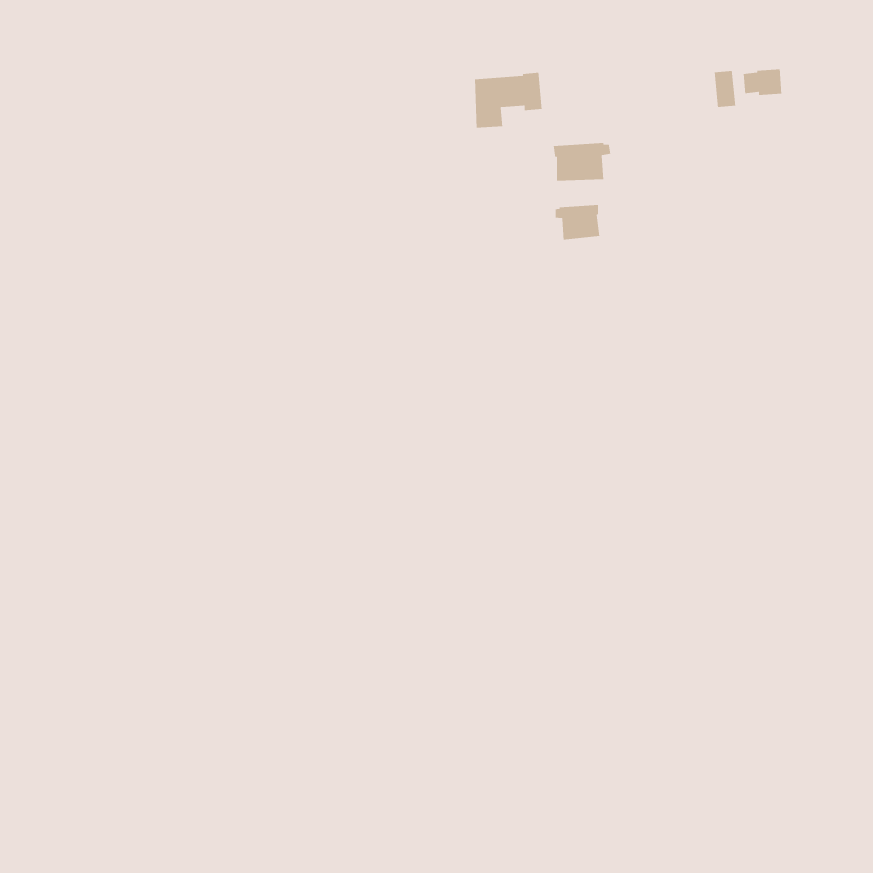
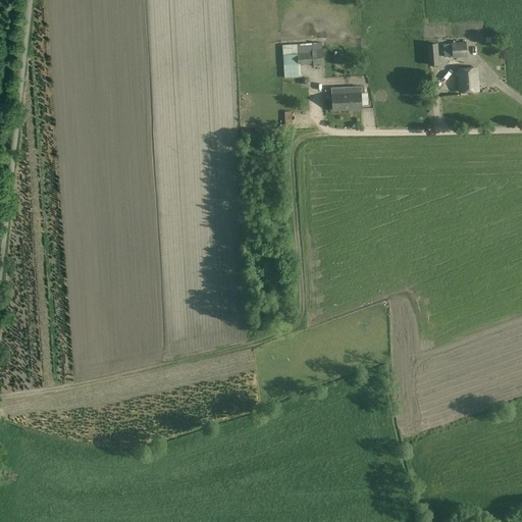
building: none -> [457,67,477,91]
building: [555,204,600,240] -> none

